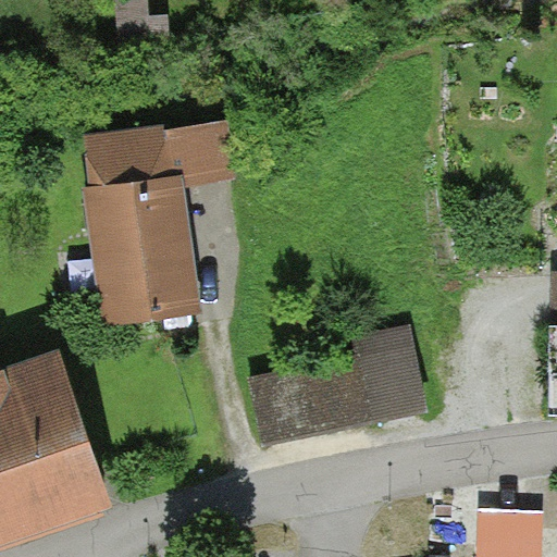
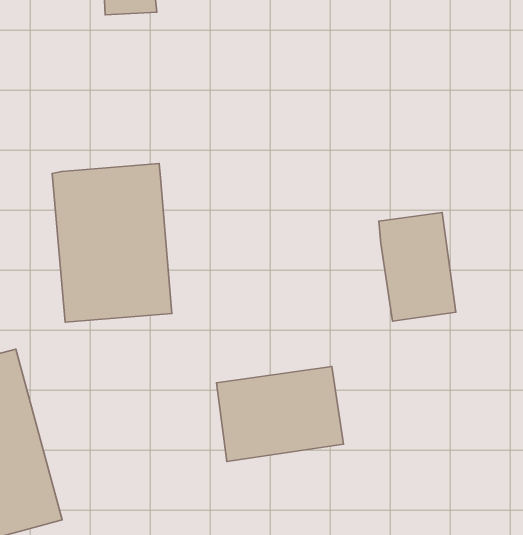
building: [83,120,234,187] -> none
building: [350,321,428,425] -> [379,212,456,321]

